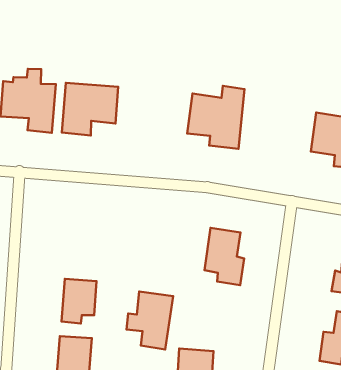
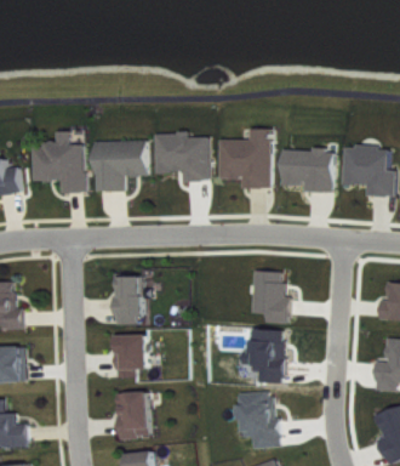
building: none -> [154,131,208,181]
building: none -> [281,148,335,192]
building: none -> [113,274,142,324]
building: [127,291,173,349] -> [241,328,284,382]

